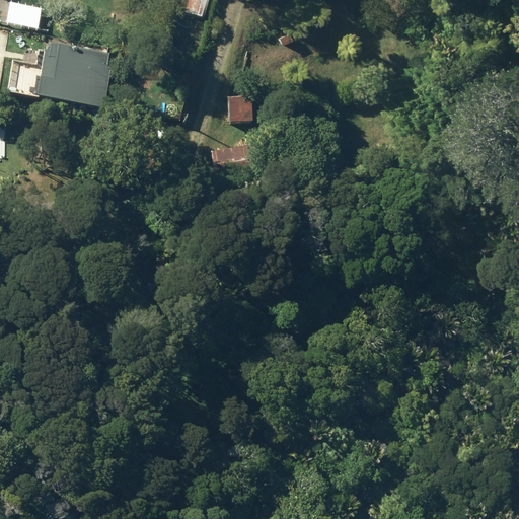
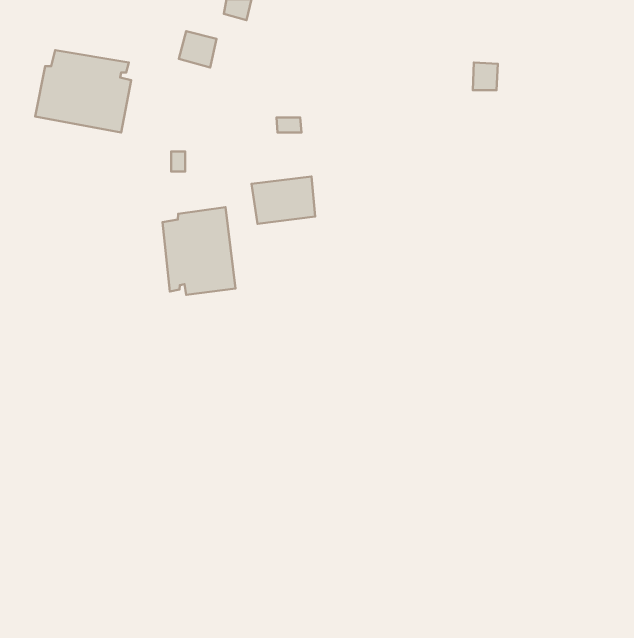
building: none -> [163,207,236,295]

